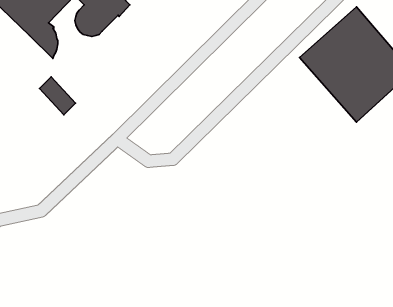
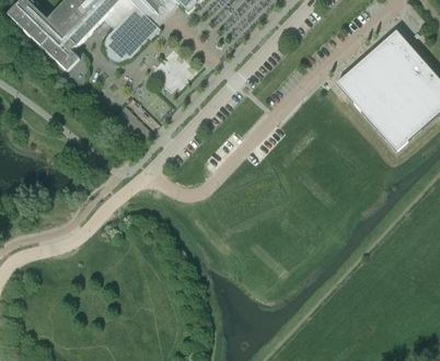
building: [40,77,75,115] -> [114,103,151,142]

